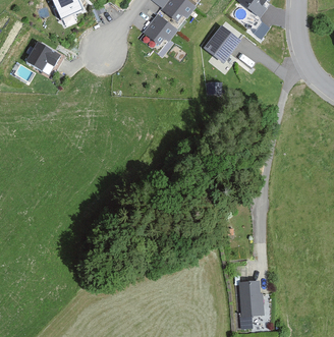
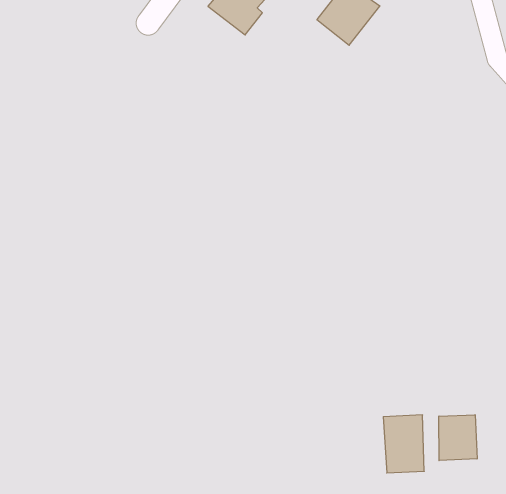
building: [30,42,65,72] -> none
building: none -> [439,415,477,461]

